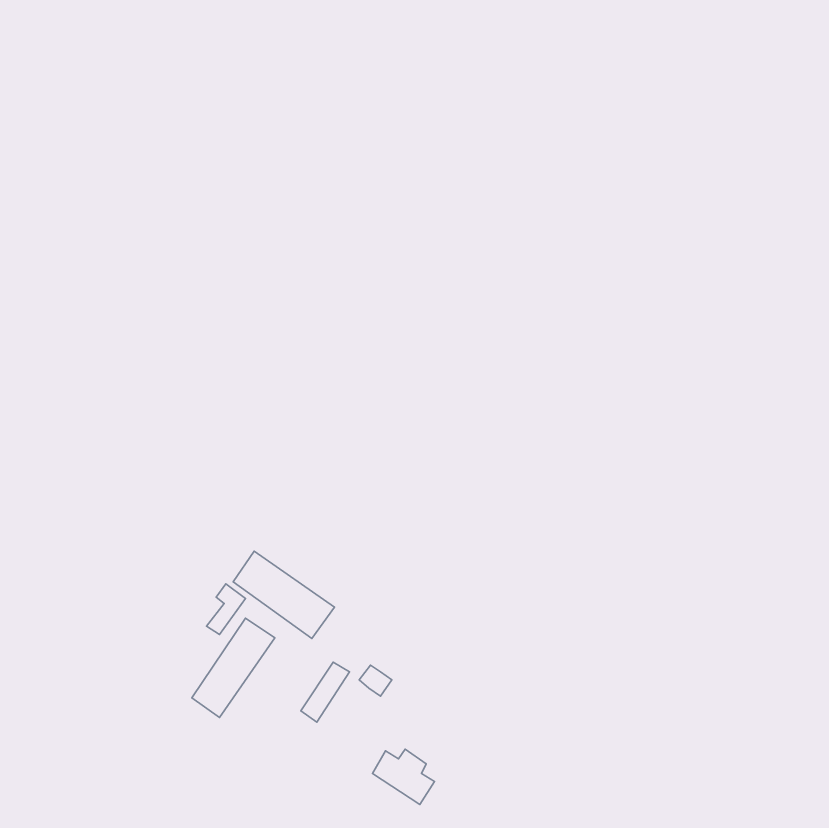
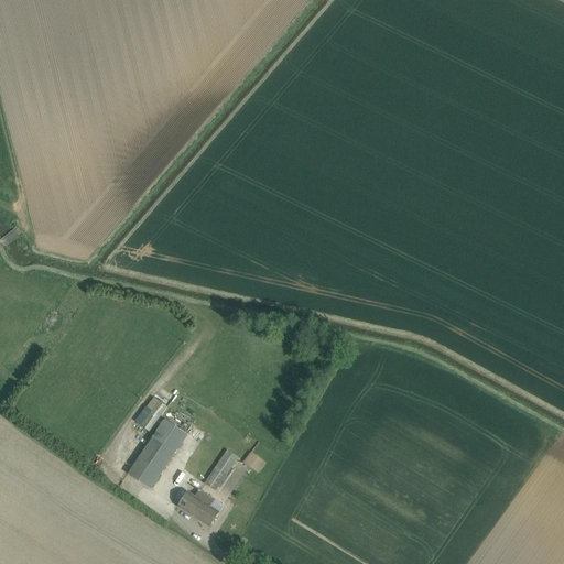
building: [233,551,335,639] -> none
building: [373,749,434,804] -> [177,488,219,525]

